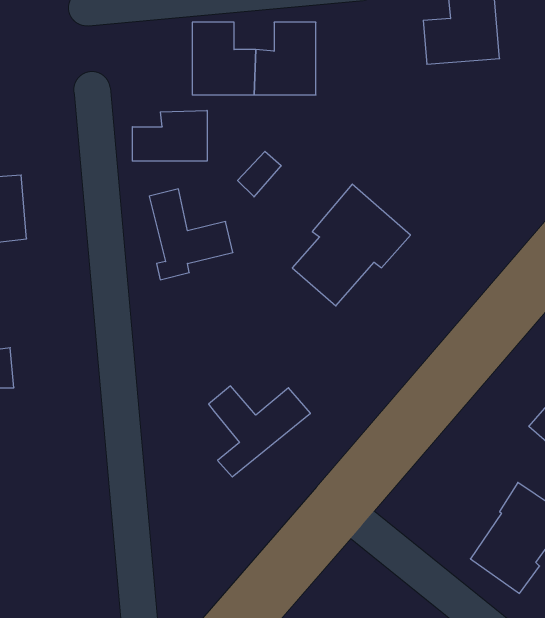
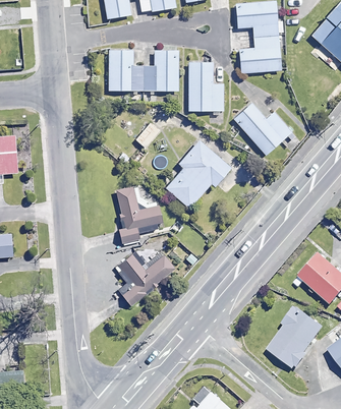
building: none -> [188,62,223,111]
building: [132,110,207,161] -> none
building: none -> [234,104,291,155]
building: [149,189,233,280] -> [116,187,163,238]

